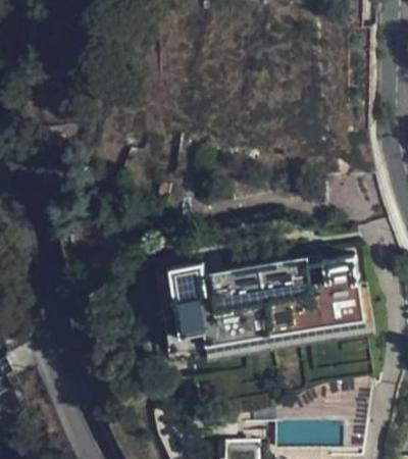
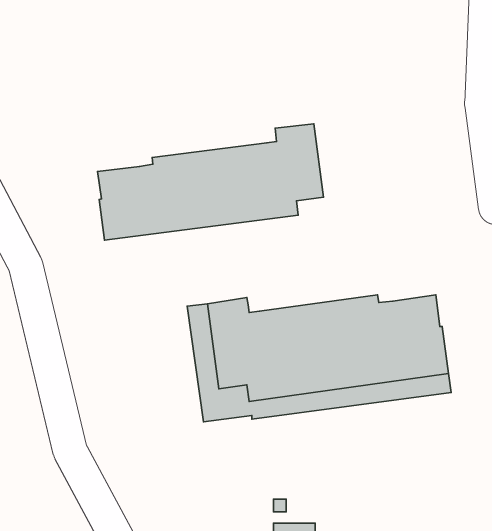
building: none -> [97,124,324,240]

